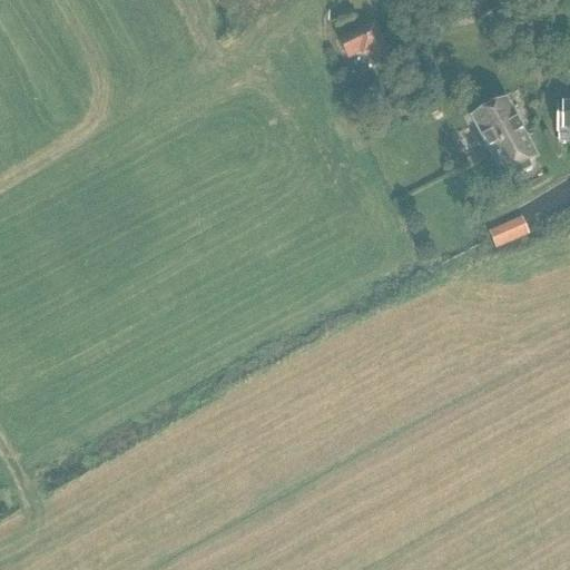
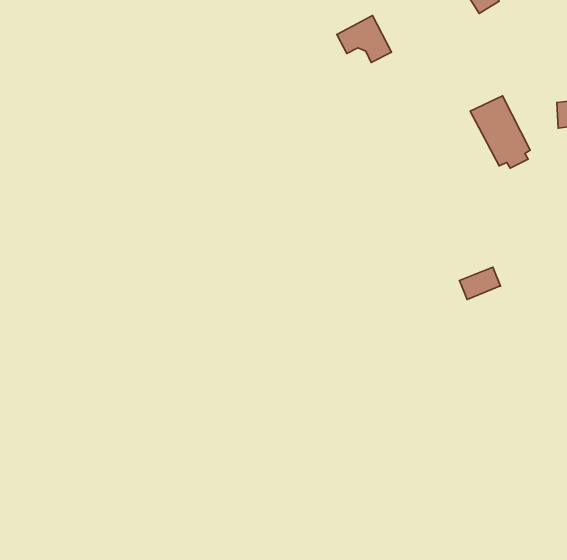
building: [489,212,530,244] -> [459,267,501,299]

